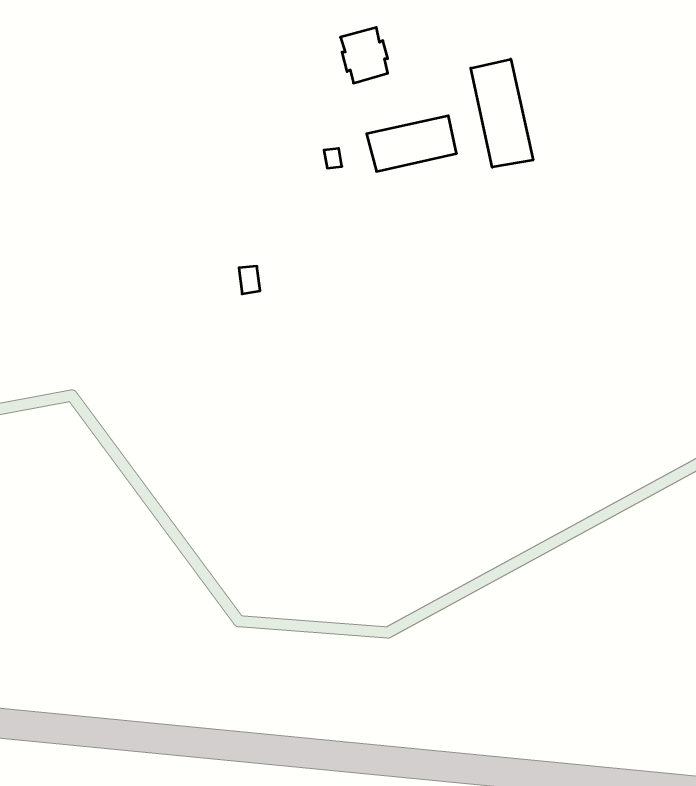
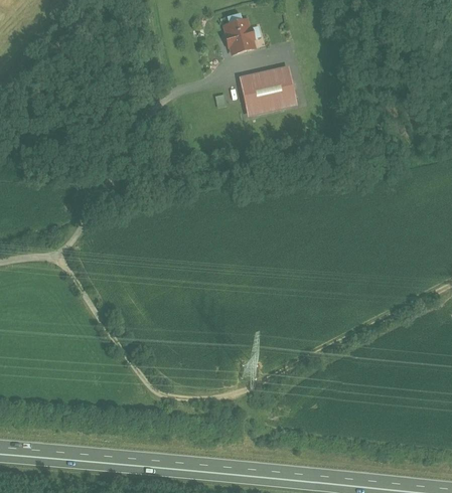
building: [471,59,533,167] -> none

